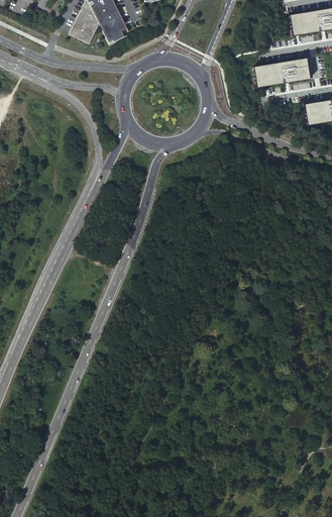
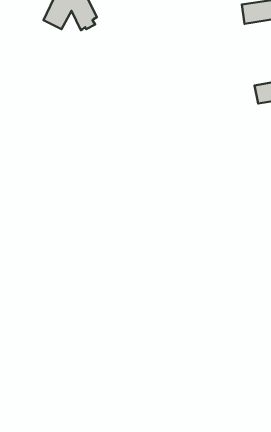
building: [255,58,309,87] -> none

